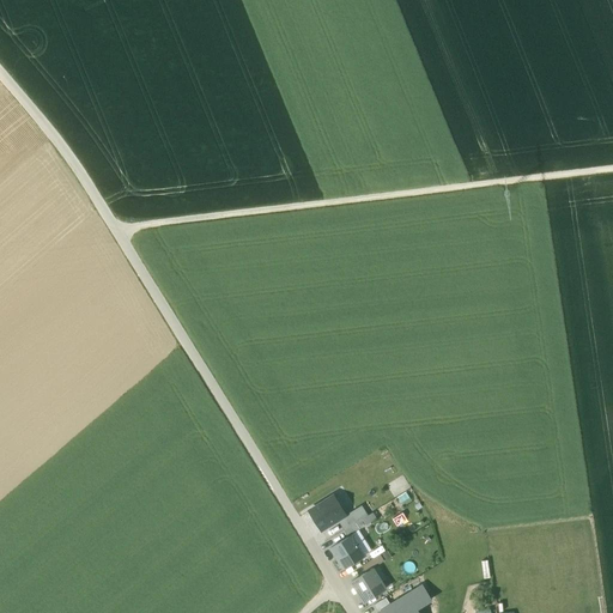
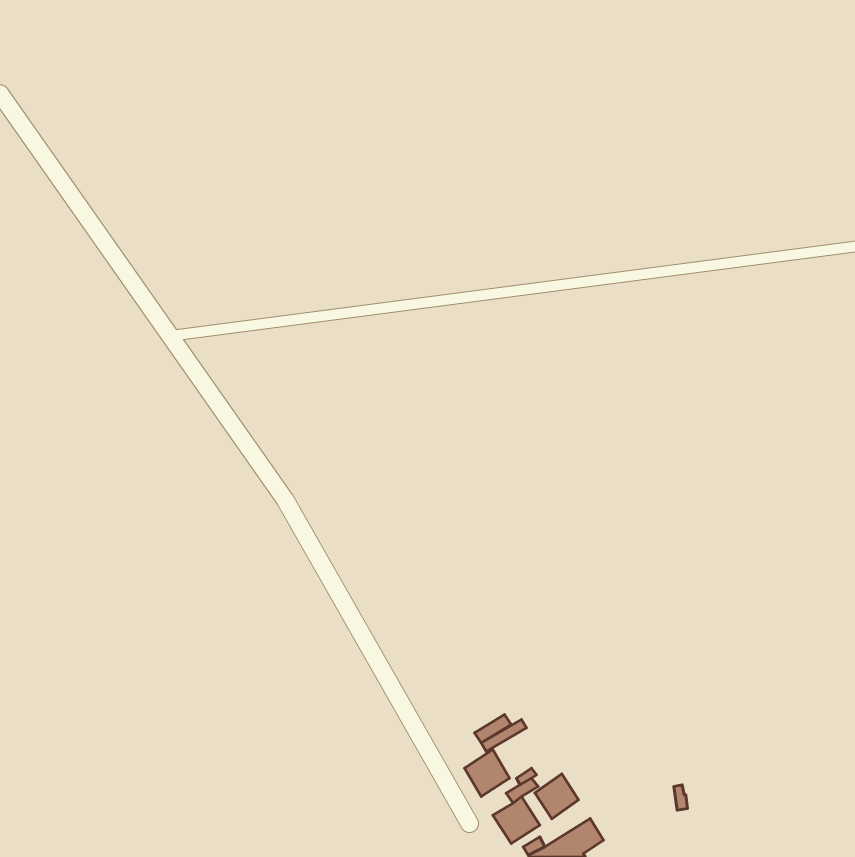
building: [311,497,346,530] -> none
building: none -> [535,774,579,819]

